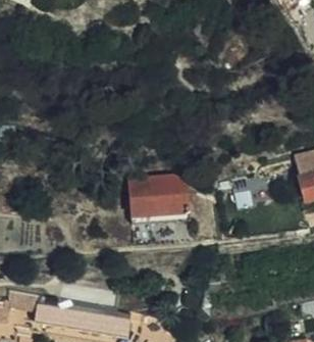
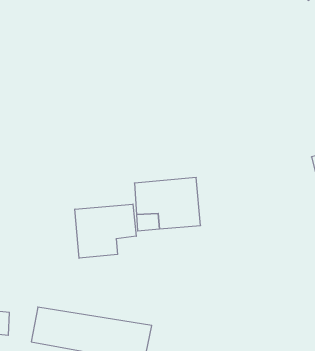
building: none -> [75,204,136,258]

